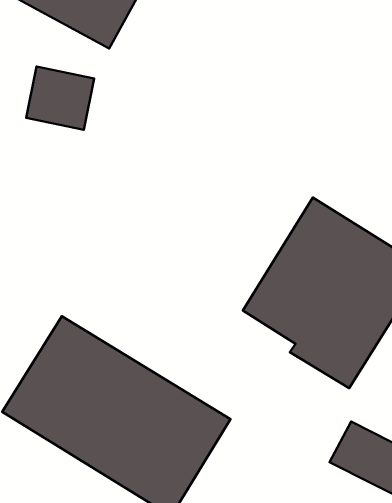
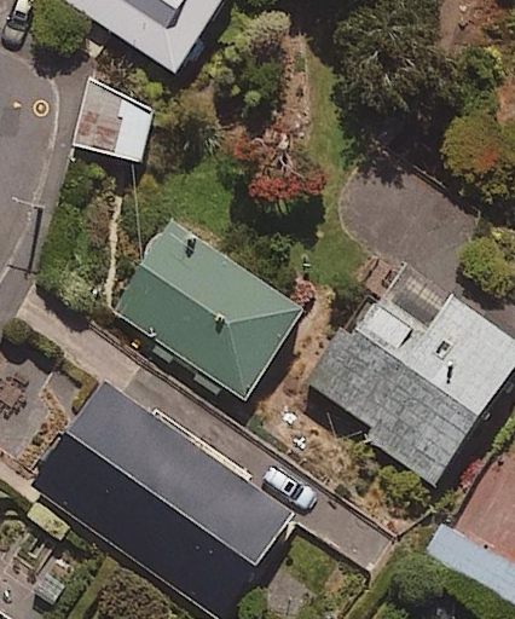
building: none -> [110,220,305,400]

